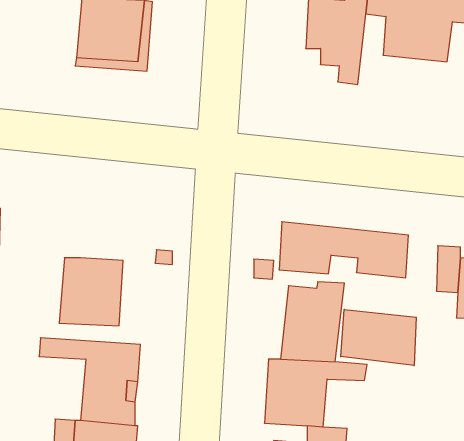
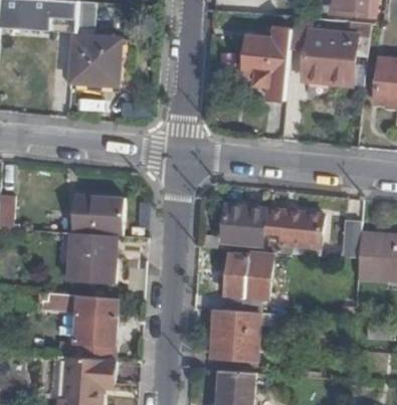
building: none -> [72,195,123,235]
building: [341,309,416,366] -> none

